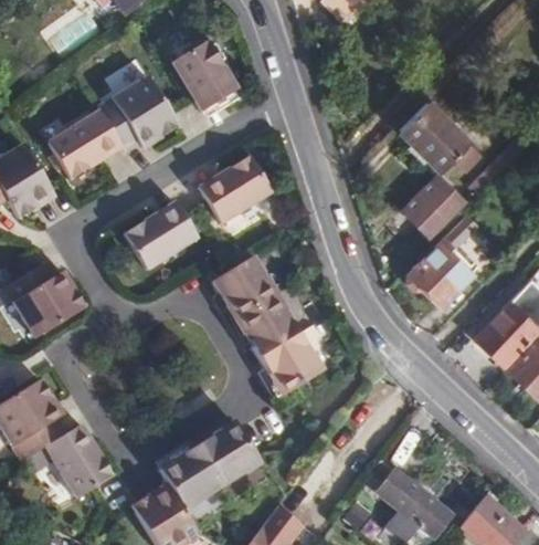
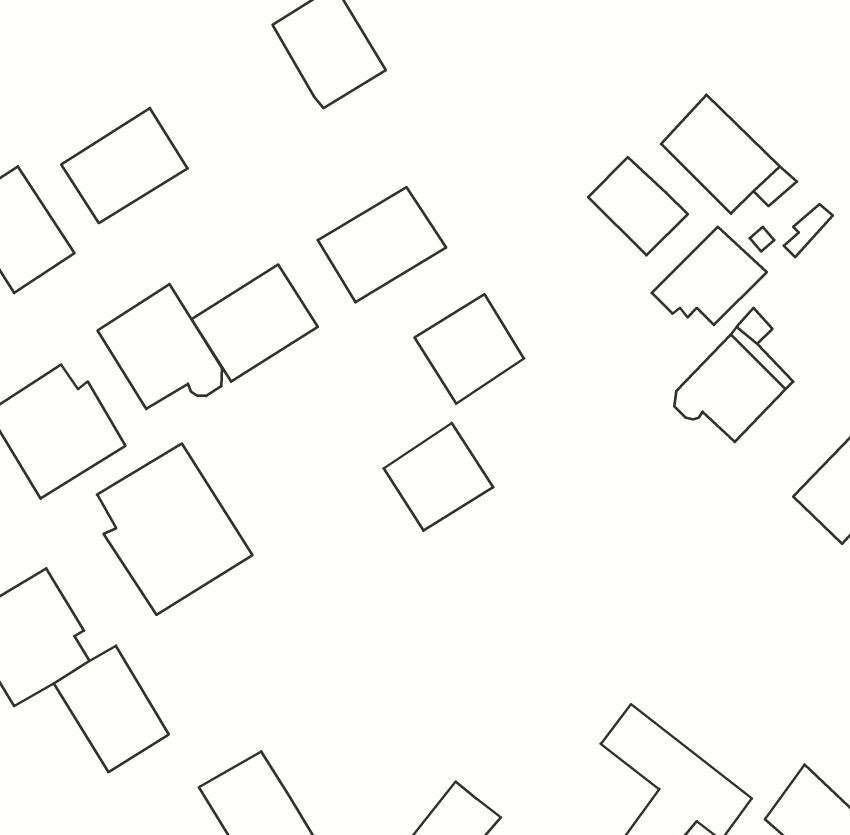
building: [98,74,181,149] -> none
building: none -> [588,157,688,255]
building: none -> [98,284,222,409]
building: [213,255,277,319] -> [415,294,524,404]
building: none -> [97,444,252,615]
building: [261,331,325,395] -> none
building: [158,422,258,512] -> none

